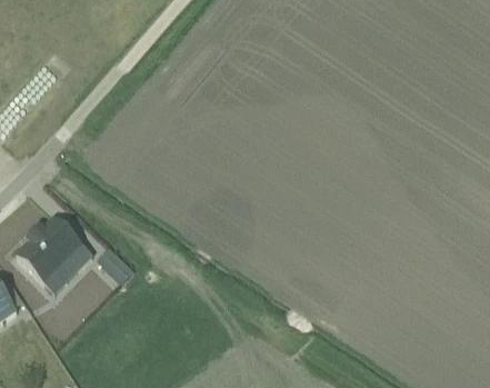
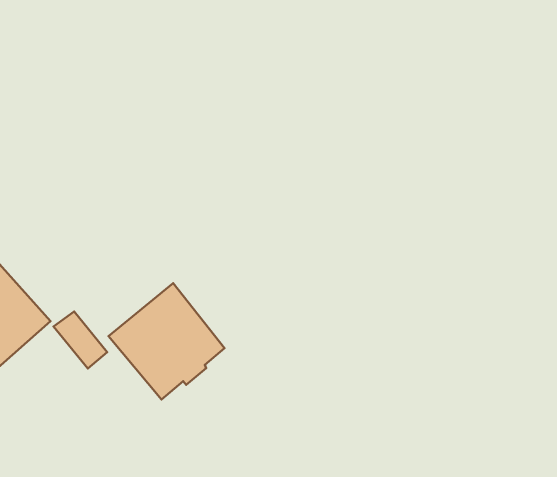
building: none -> [108,283,225,400]

